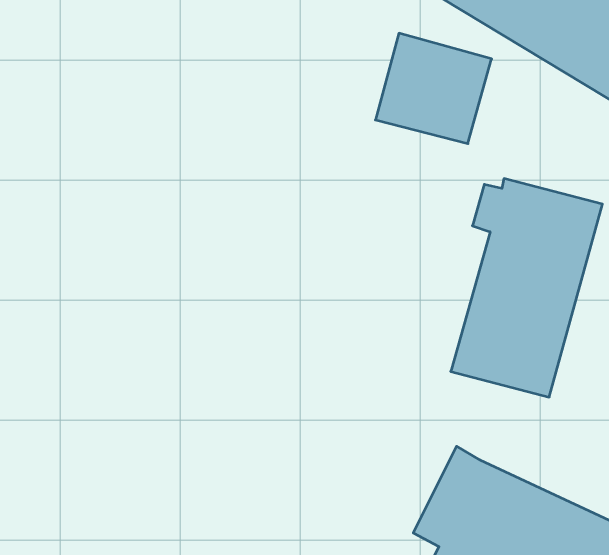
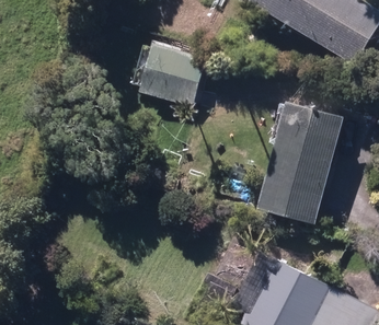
building: [375,33,492,144] -> [140,43,205,104]

